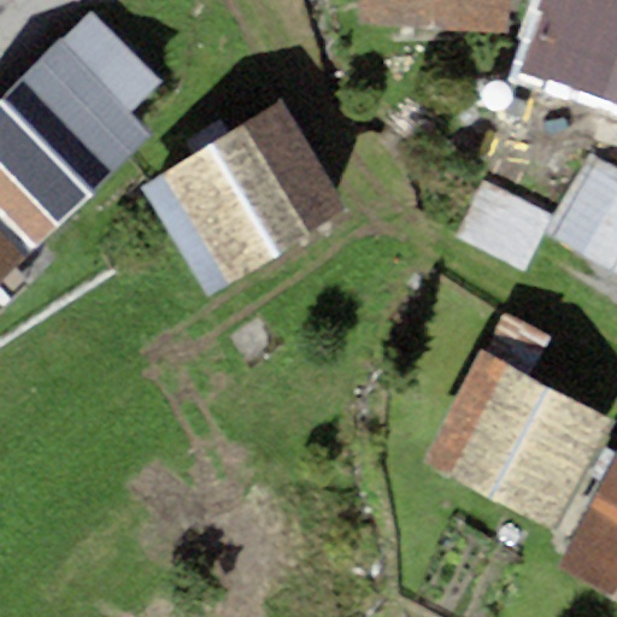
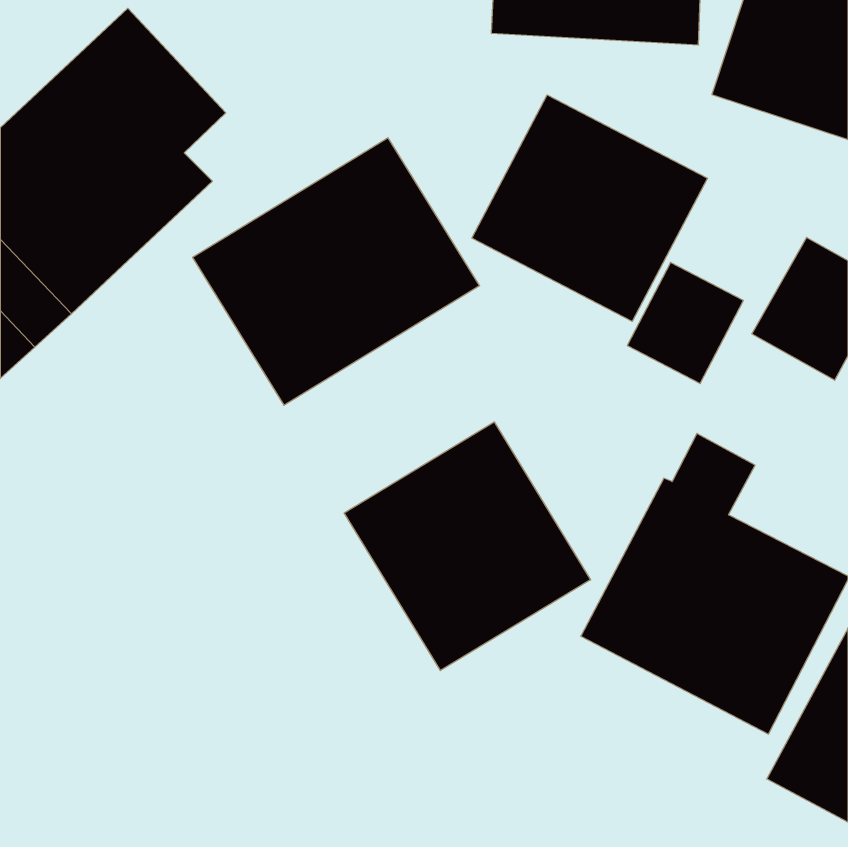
building: none -> [472,95,708,321]
building: none -> [344,422,591,671]

